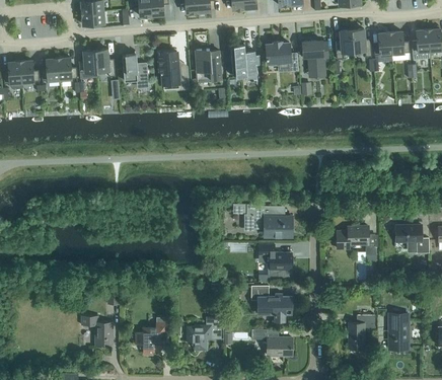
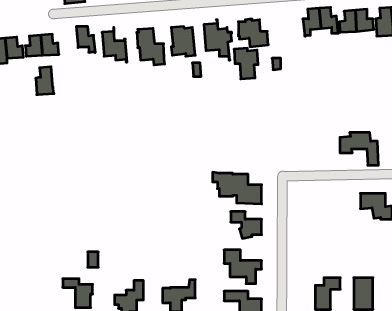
building: [302,41,327,73] -> [234,48,258,79]
building: [79,50,98,79] -> [36,67,54,95]
building: [337,227,377,261] -> [340,133,378,165]

